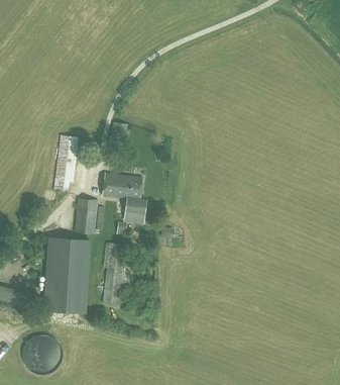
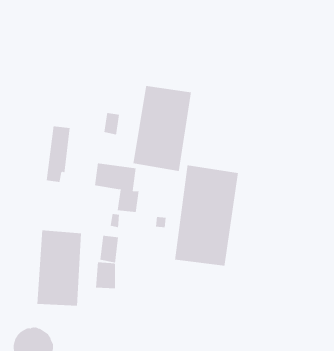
building: none -> [133,85,192,172]
building: none -> [175,165,238,266]
building: [74,198,98,233] -> none

